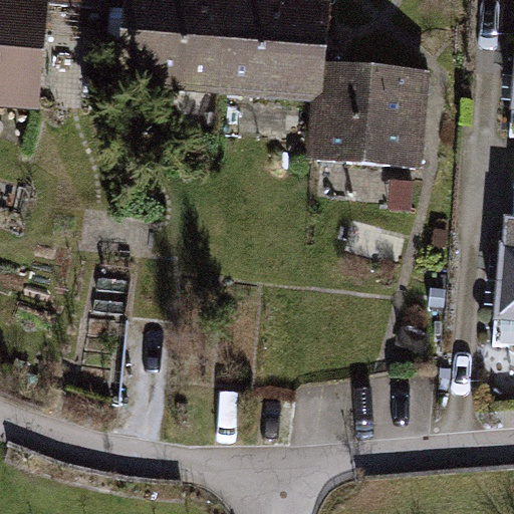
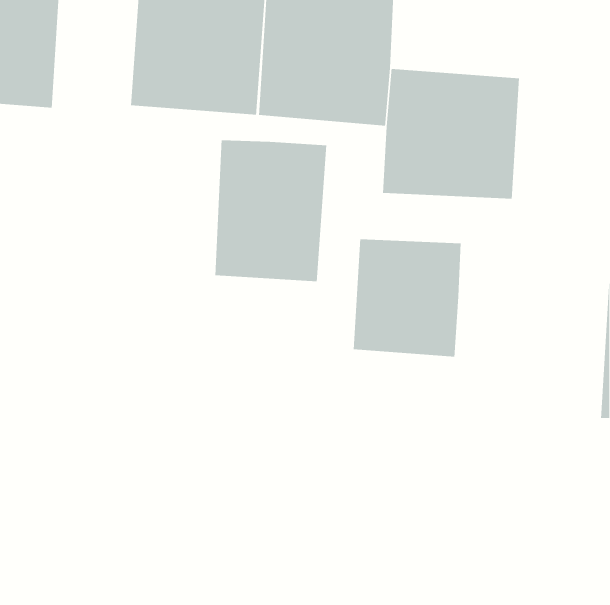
building: none -> [214,140,327,282]
building: none -> [353,238,461,358]

